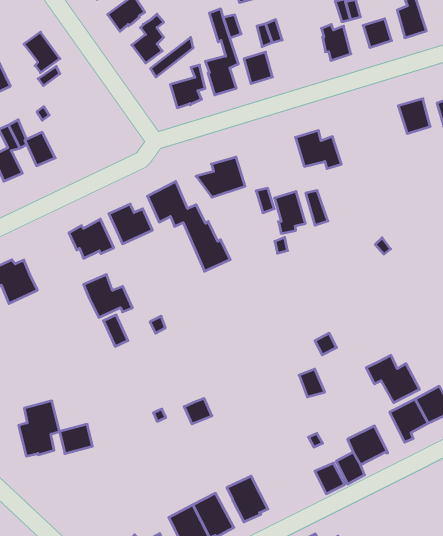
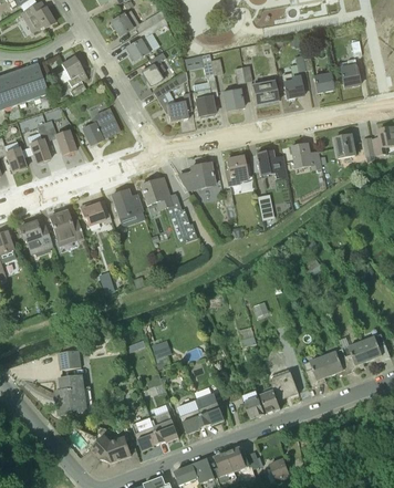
building: none -> [251,80,278,104]
building: none -> [82,107,118,145]
building: none -> [290,143,321,169]
building: [274,191,305,233] -> [226,156,247,186]
building: [84,275,132,317] -> [49,210,83,241]
building: [366,355,419,403] -> none
building: [19,401,60,456] -> [55,375,85,414]
building: none -> [196,392,225,425]

